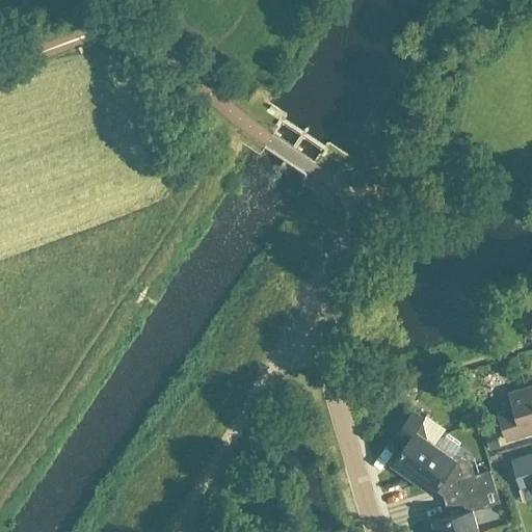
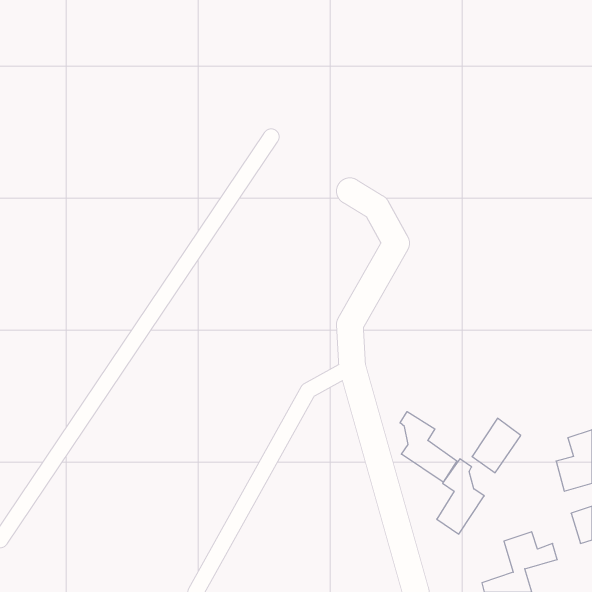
building: none -> [400,412,457,482]
building: [411,445,455,494] -> [472,418,521,473]

